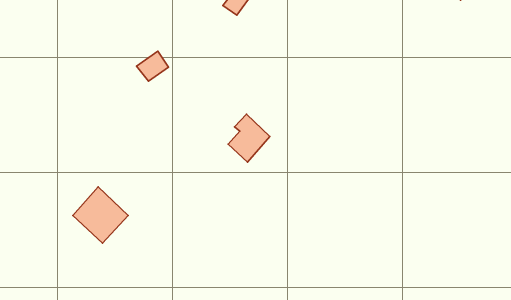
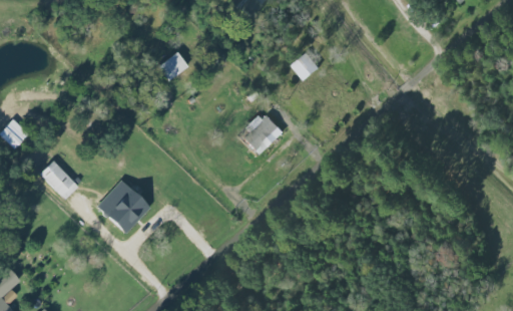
building: none -> [293,52,320,80]
building: none -> [40,160,78,199]

